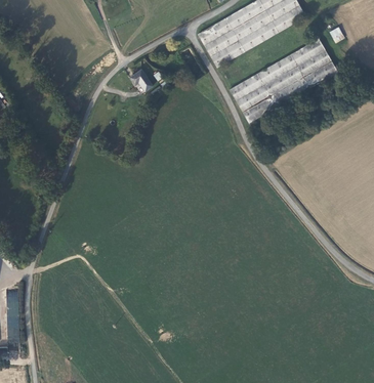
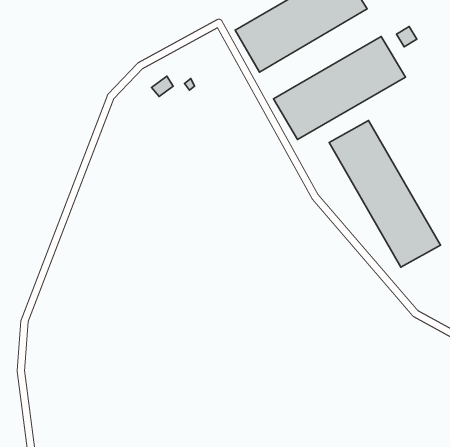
building: none -> [329,121,440,267]

